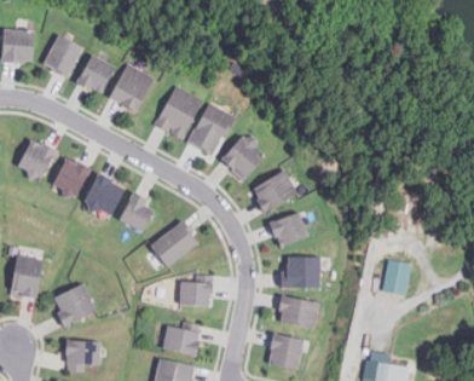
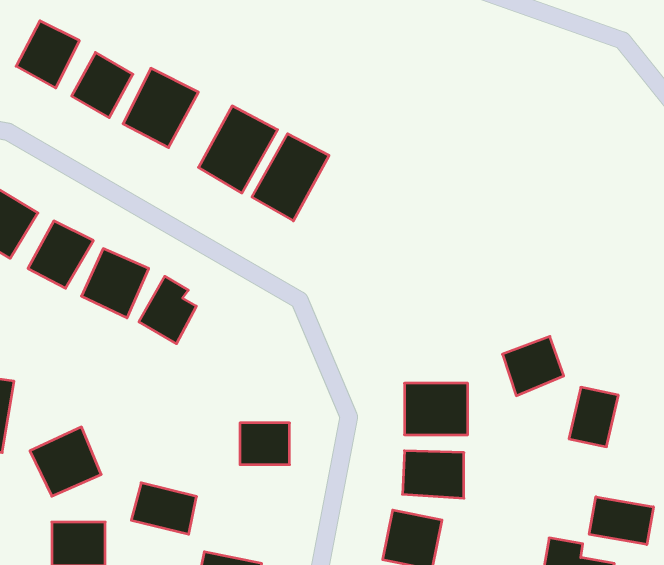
building: [220,134,266,180] -> none
building: [252,171,296,212] -> none
building: [270,212,307,248] -> [502,336,564,396]
building: [150,220,198,266] -> none
building: [160,324,200,356] -> [131,483,197,534]
building: none -> [589,497,653,545]

